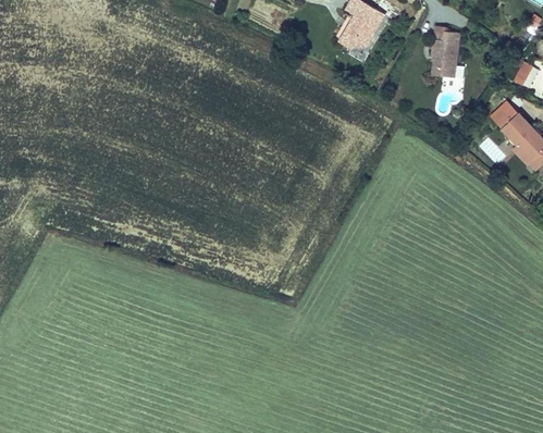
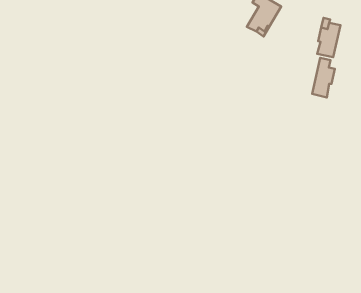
building: none -> [312,58,335,97]

